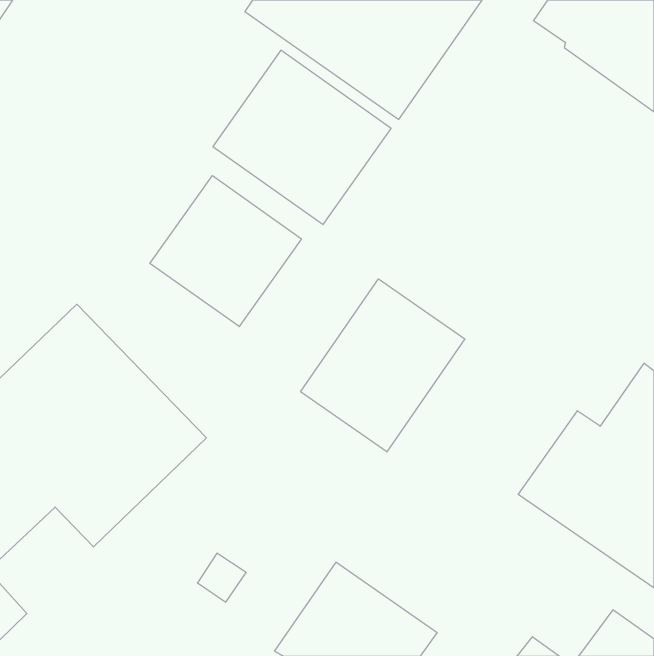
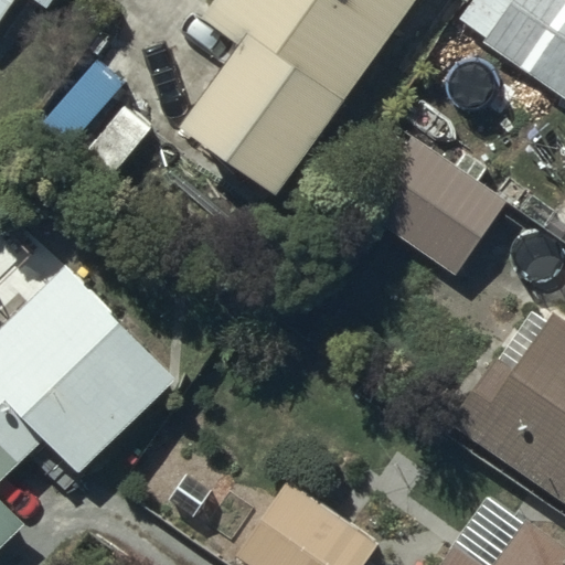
building: none -> [362,138,505,274]
building: [150,176,301,327] -> none
building: [301,279,465,452] -> none

